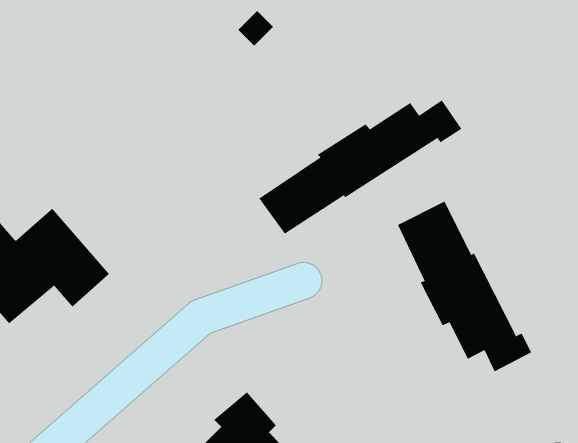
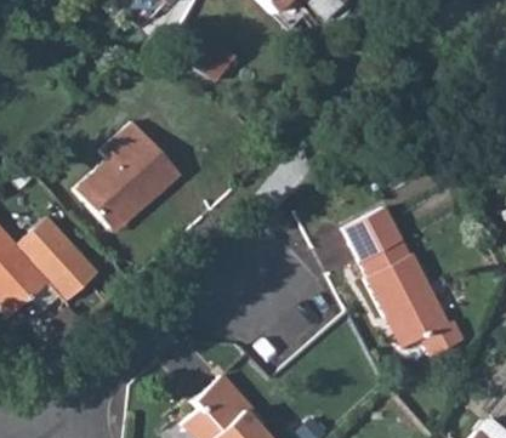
building: none -> [76,120,182,226]
building: [259,100,462,234] -> none

